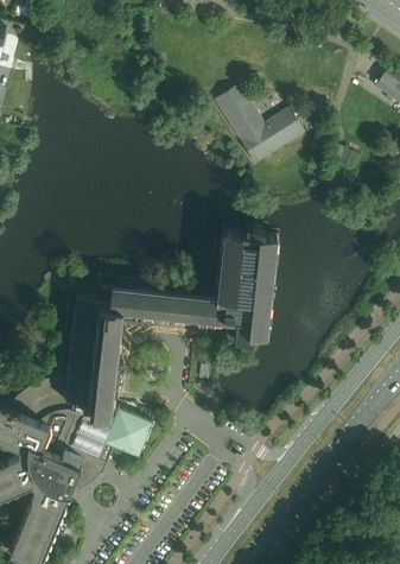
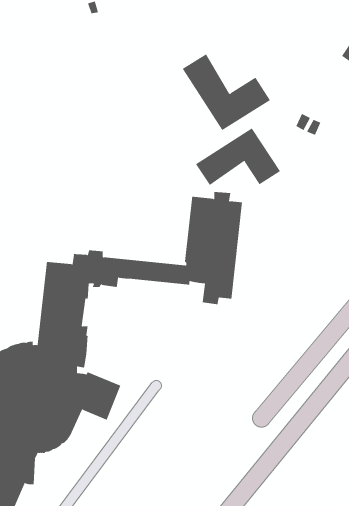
building: none -> [195,128,281,186]

